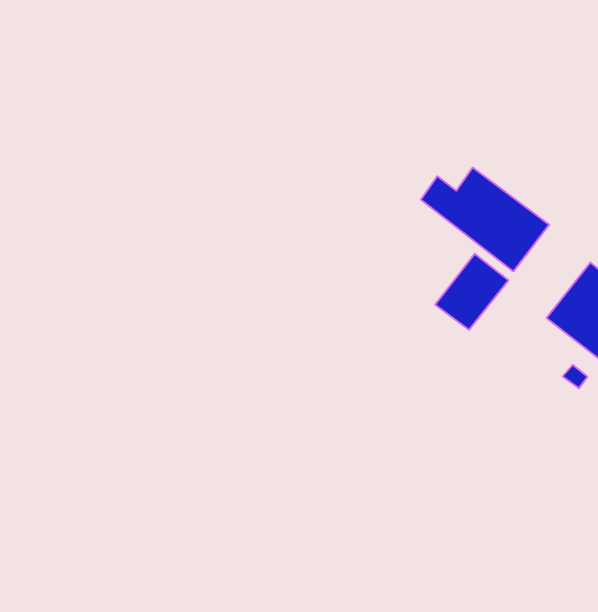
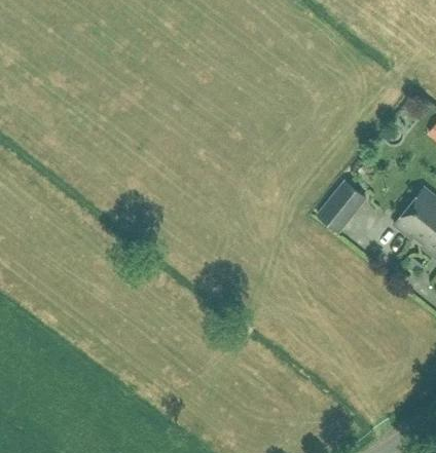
building: [421,168,549,271] -> none

